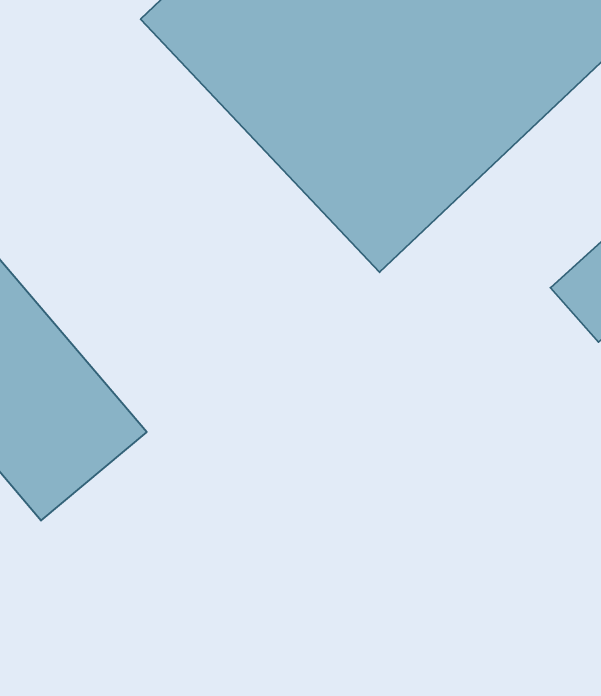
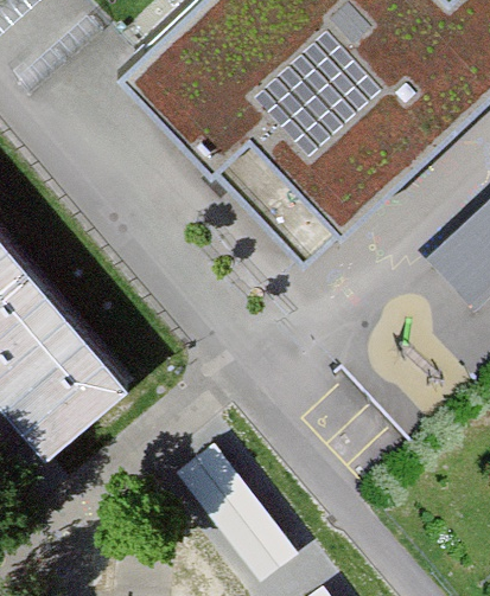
building: none -> [178,436,300,575]

